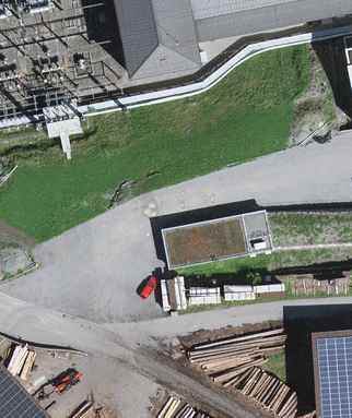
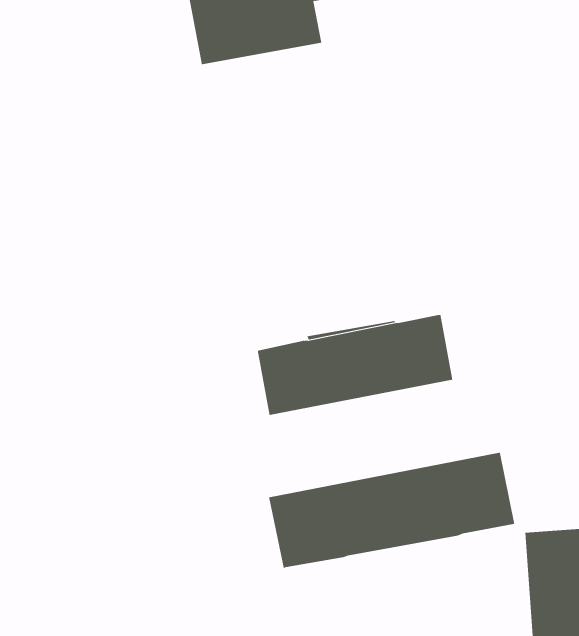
building: none -> [269,452,515,569]

